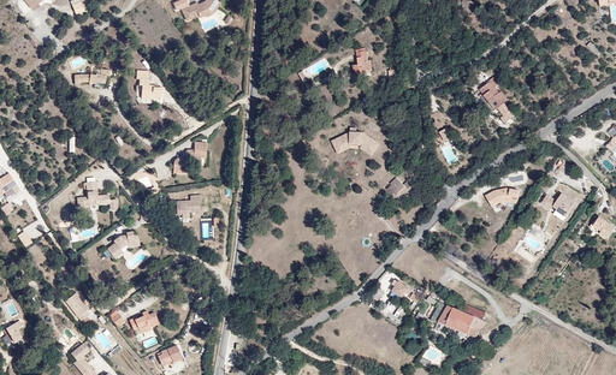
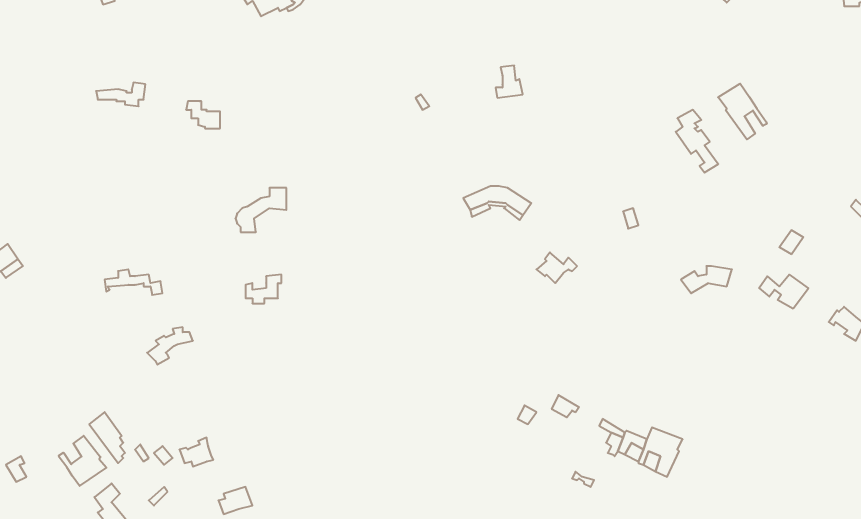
building: none -> [718,84,767,139]
building: none -> [59,436,106,486]

